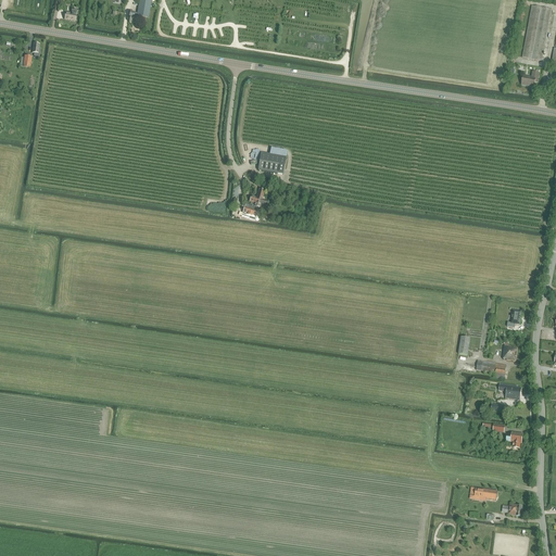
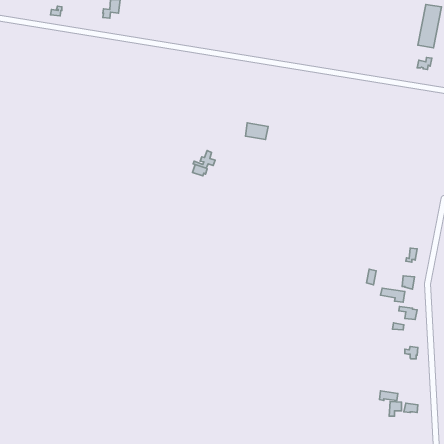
building: [257,153,286,174] -> [245,123,268,140]

